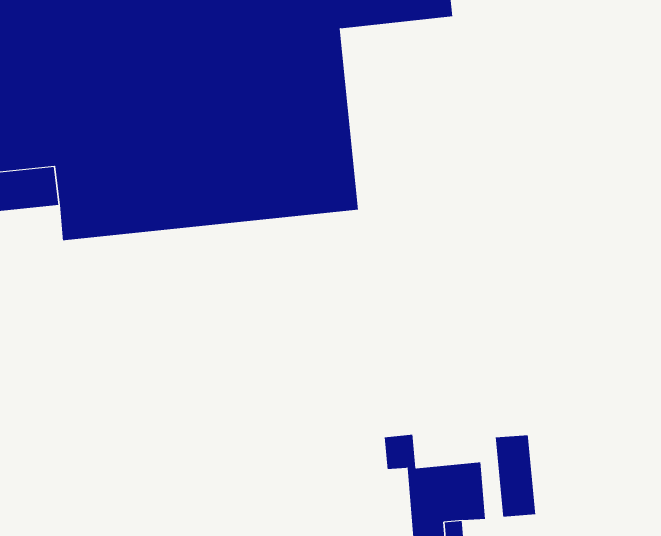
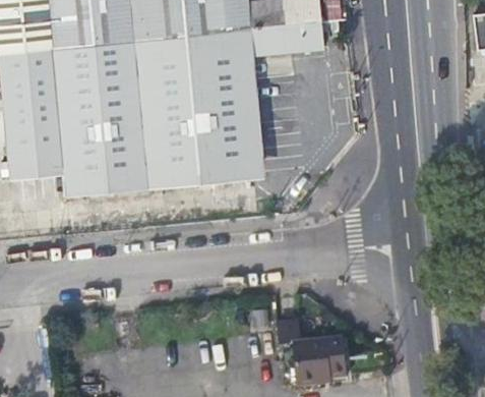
building: [495,434,536,517] -> none

